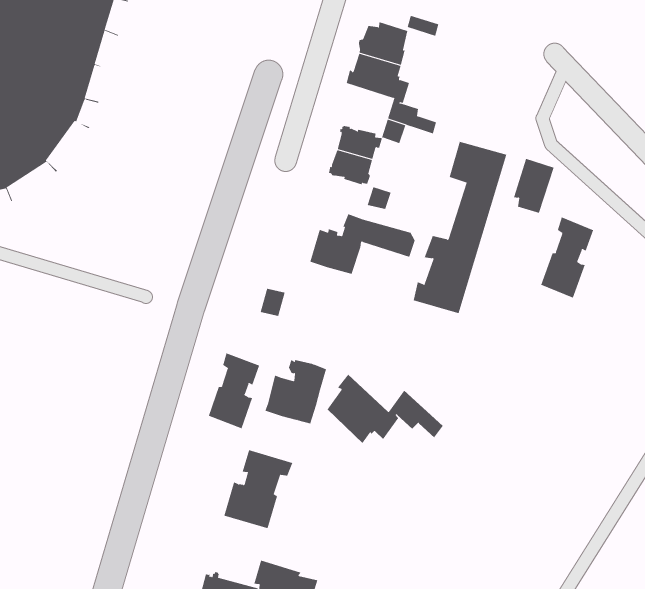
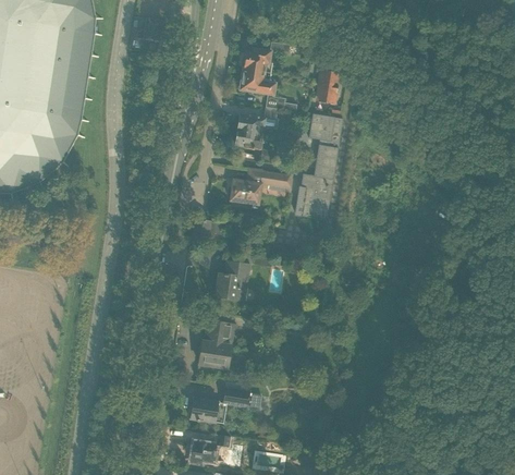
building: [513,158,555,213] -> [316,71,339,103]
building: [541,216,594,299] -> none
building: [208,352,260,429] -> none
building: [327,374,444,444] -> none

